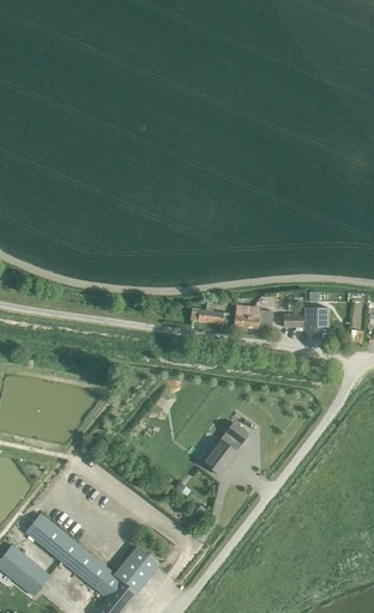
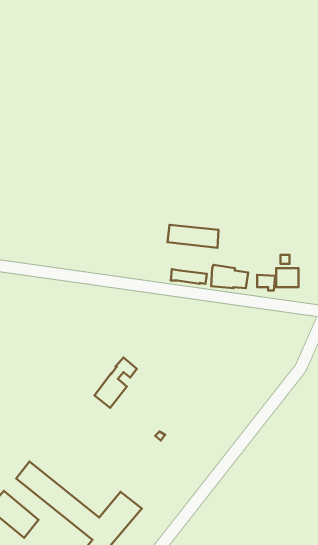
building: none -> [167,225,219,248]
building: [200,424,246,478] -> [94,357,137,408]

